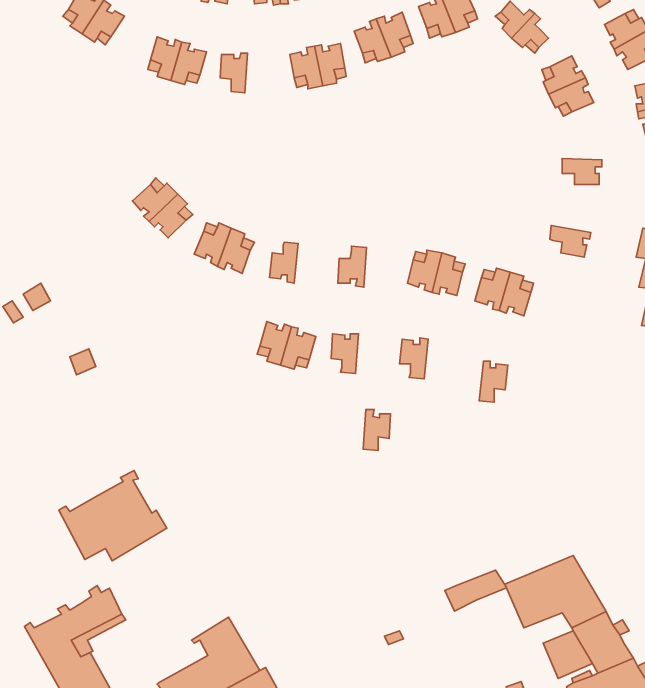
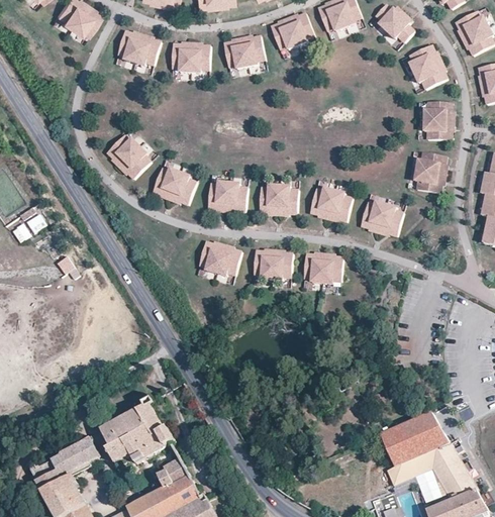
building: none -> [190,42,211,73]
building: none -> [424,102,454,121]
building: none -> [416,152,447,175]
building: none -> [226,183,247,212]
building: none -> [278,186,298,215]
building: [479,361,508,402] -> [322,253,343,284]
building: [363,410,390,451] -> [272,249,292,280]
building: [59,471,167,561] -> [96,398,176,464]
building: [445,570,506,611] -> [387,455,432,486]

